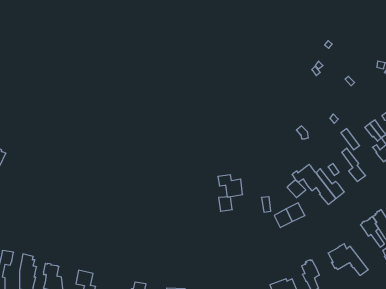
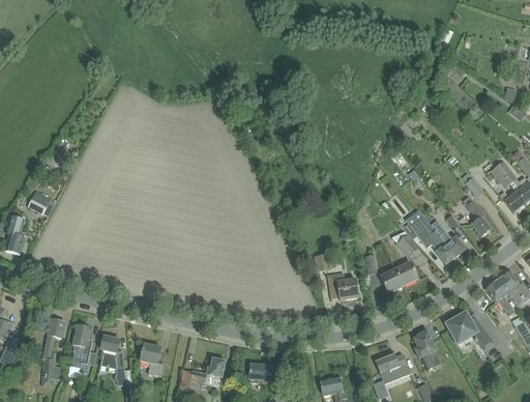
building: [218,175,243,197] -> [328,272,358,299]

